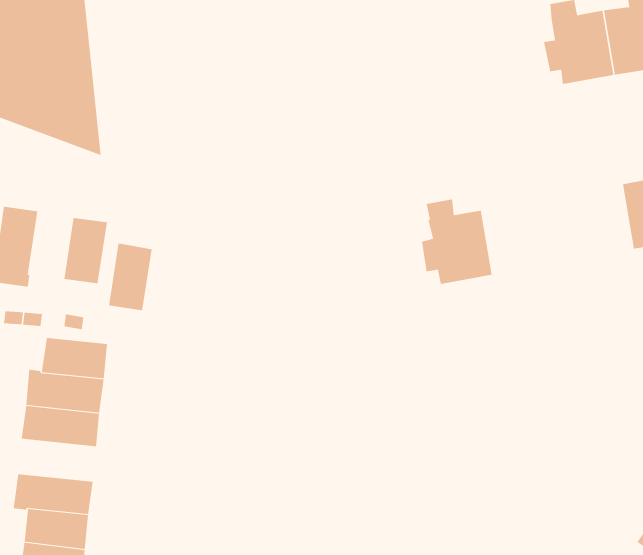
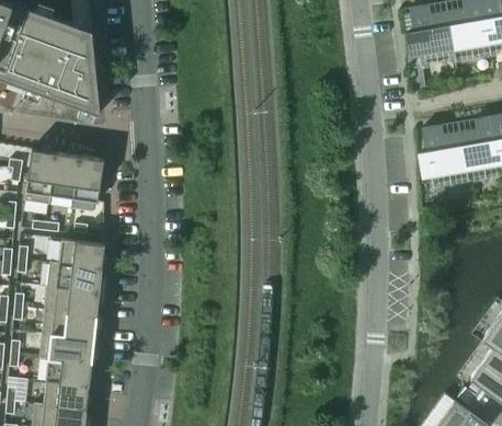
building: [421,199,492,284] -> [418,126,467,185]
building: [108,243,152,311] -> [48,152,79,199]
building: none -> [41,310,95,339]

